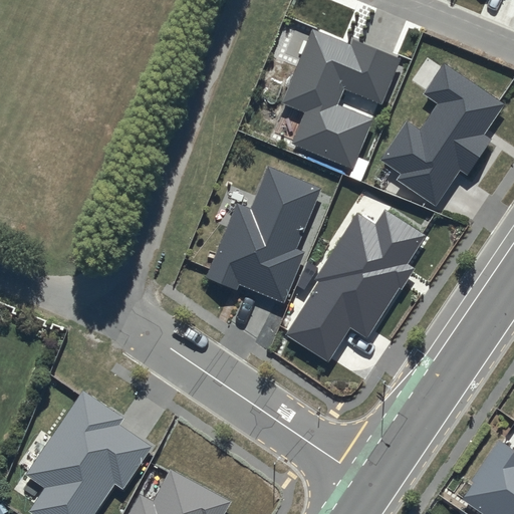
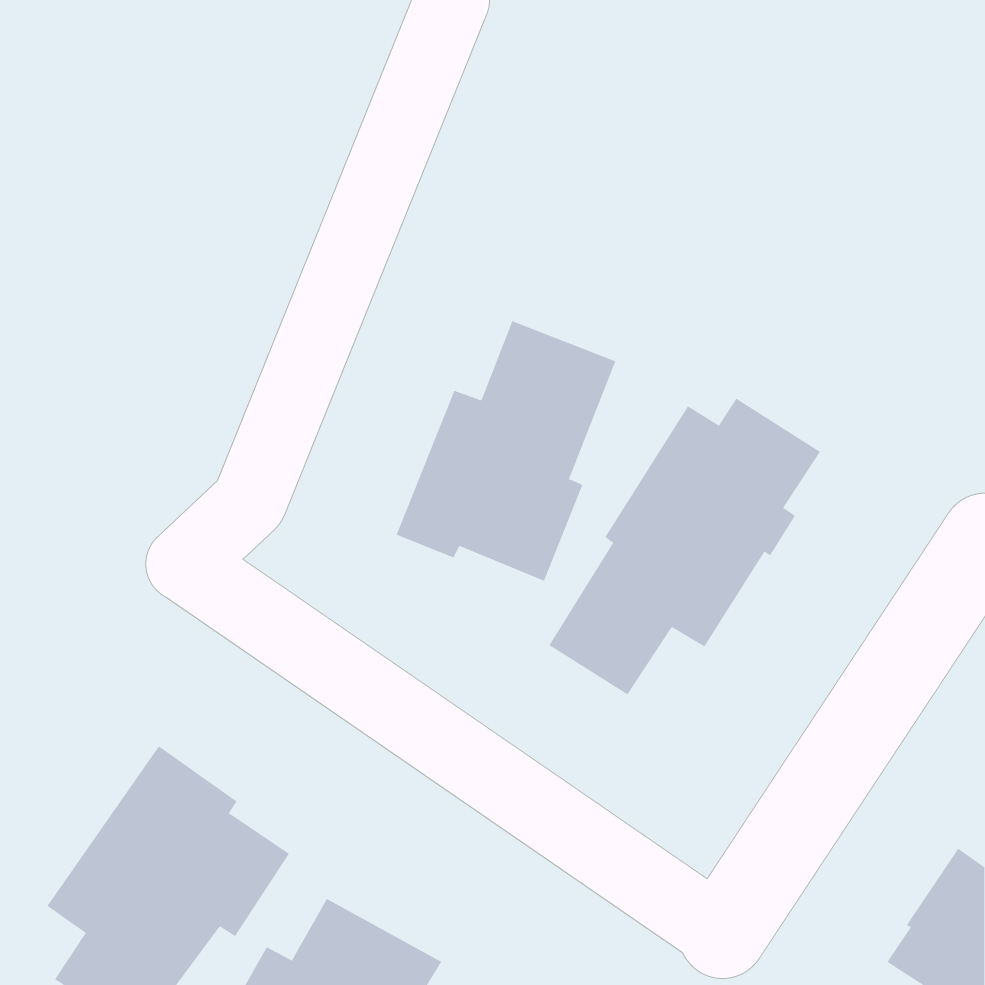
building: [281,30,401,170] -> none
building: [381,65,504,207] -> none

